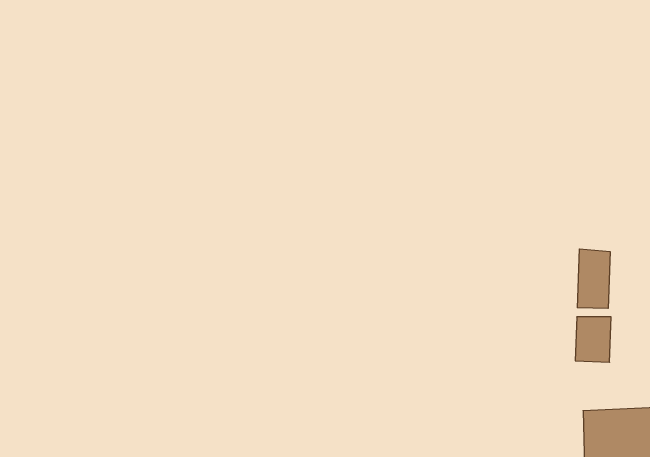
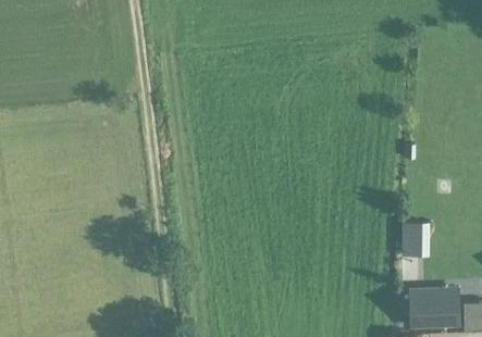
building: [577,249,610,308] -> none

